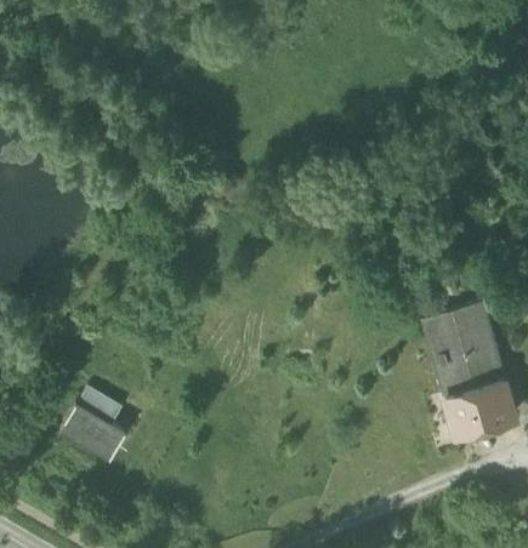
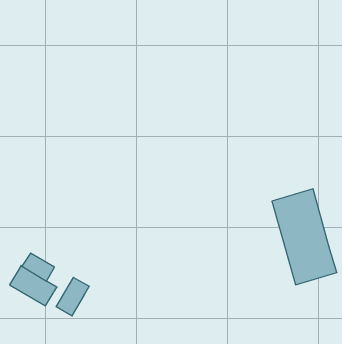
building: none -> [56,277,89,316]

